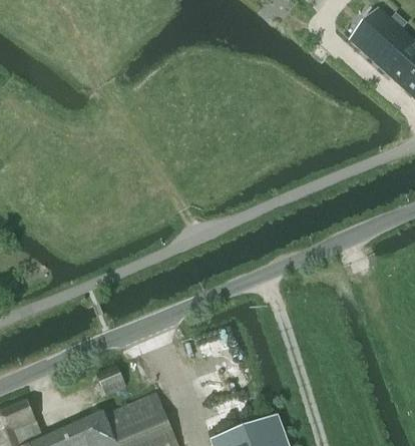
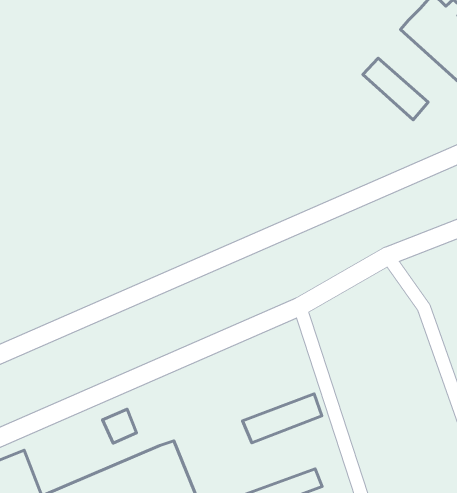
building: none -> [363,58,428,120]
building: none -> [242,394,322,443]

